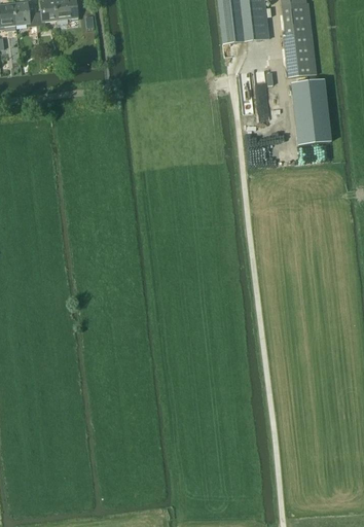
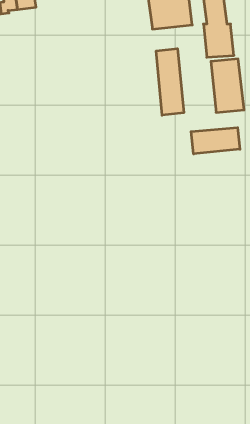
building: none -> [156,49,184,115]
building: none -> [191,128,240,154]

